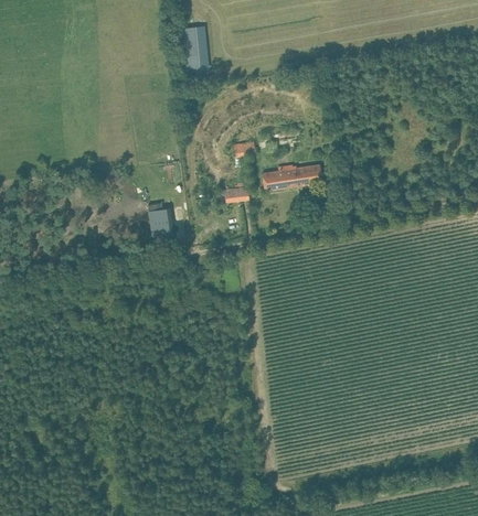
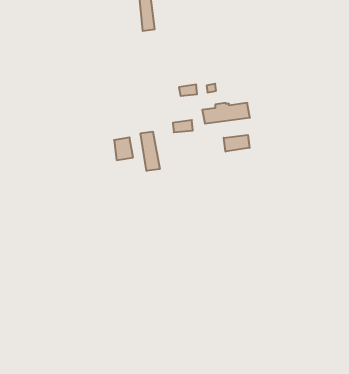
building: none -> [141,132,160,171]
building: none -> [224,135,249,152]

